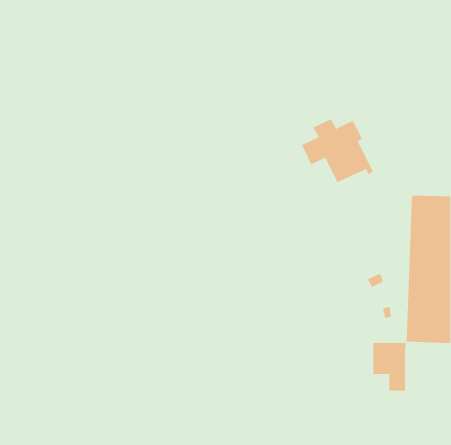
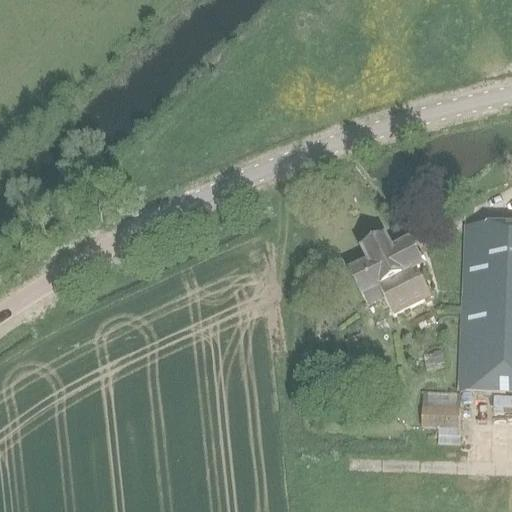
building: [301,119,373,183] -> [352,239,434,312]

